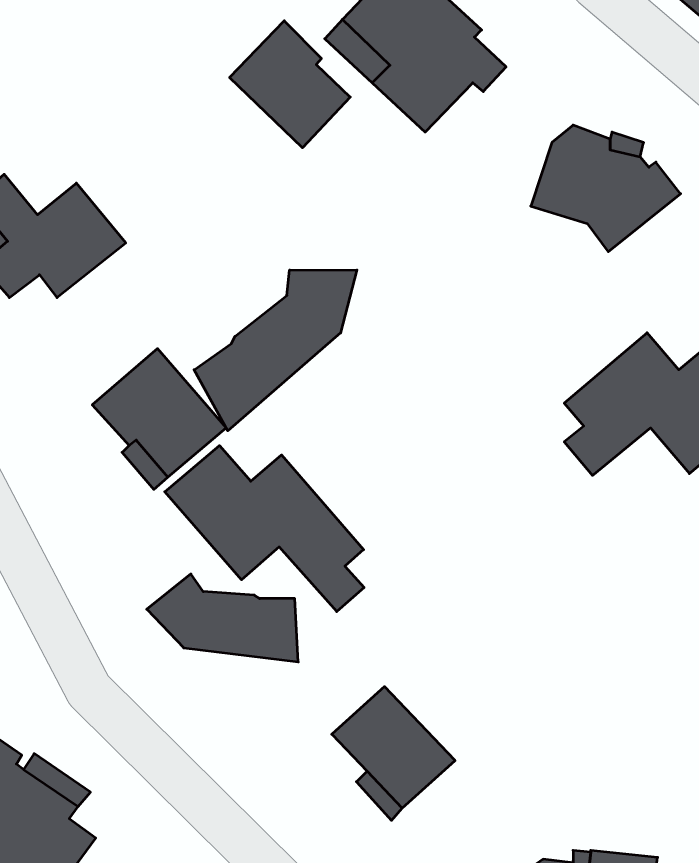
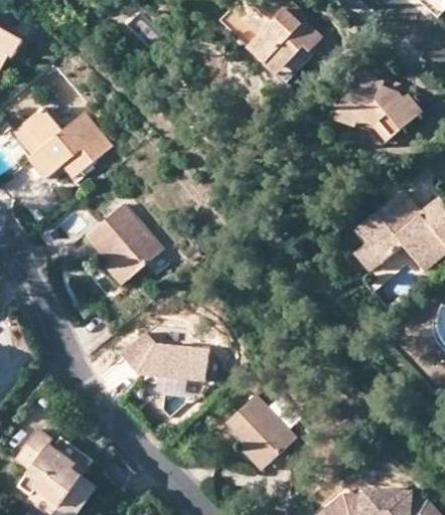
building: [230,21,350,148] -> none
building: [194,270,357,431] -> none
building: [165,446,364,612] -> none

